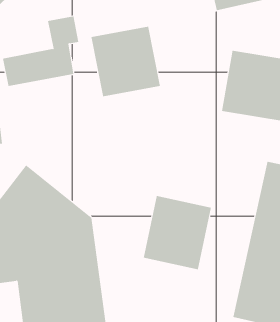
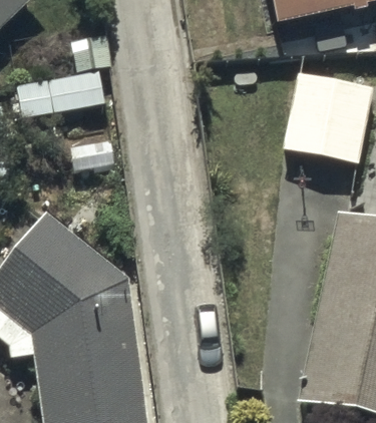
building: [91,26,160,97] -> none
building: [143,195,211,270] -> none

